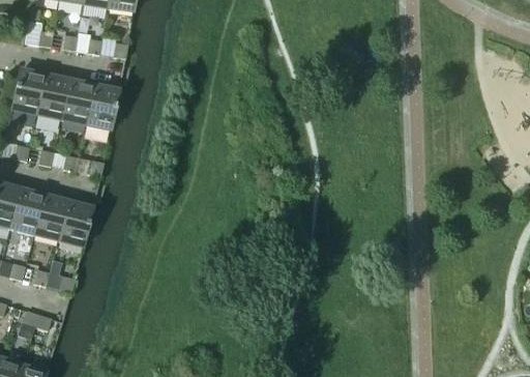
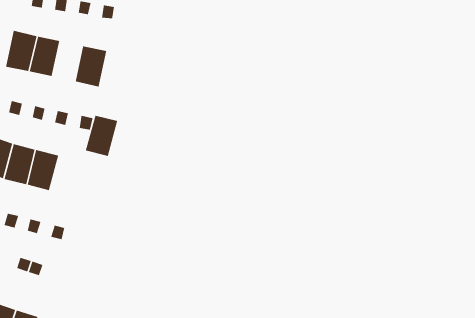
building: [61,80,93,123] -> none
building: [58,201,93,245] -> [85,115,118,157]

